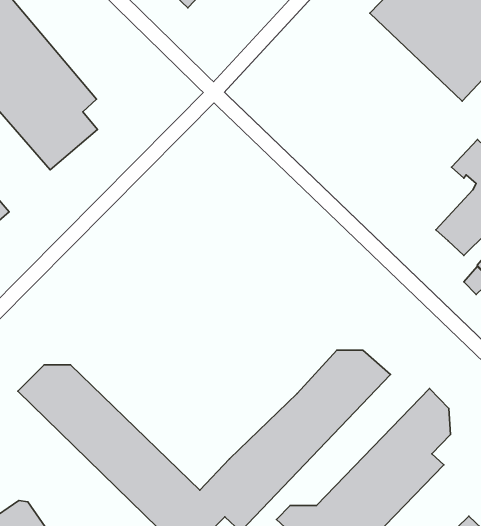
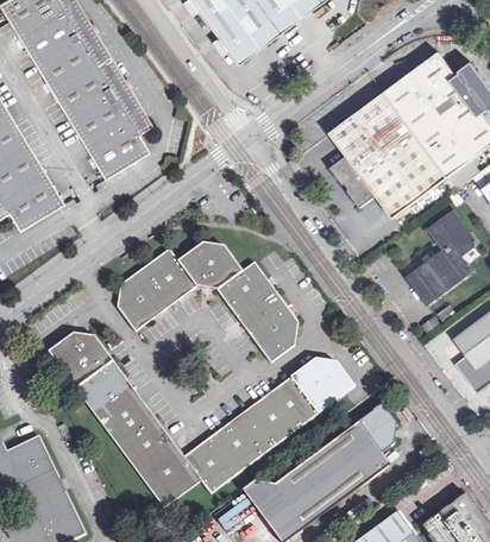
building: none -> [331,92,448,215]
building: none -> [117,244,297,365]

